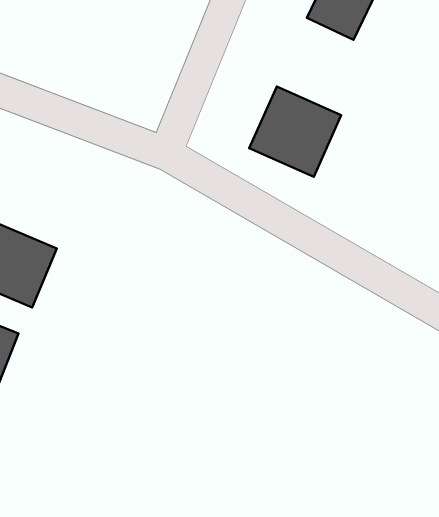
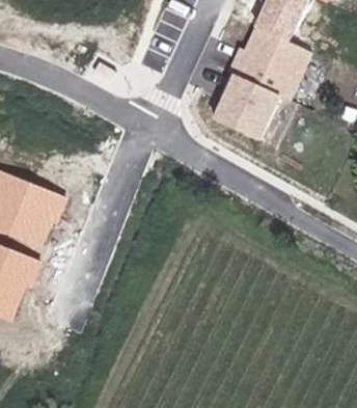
building: none -> [229,24,311,96]

